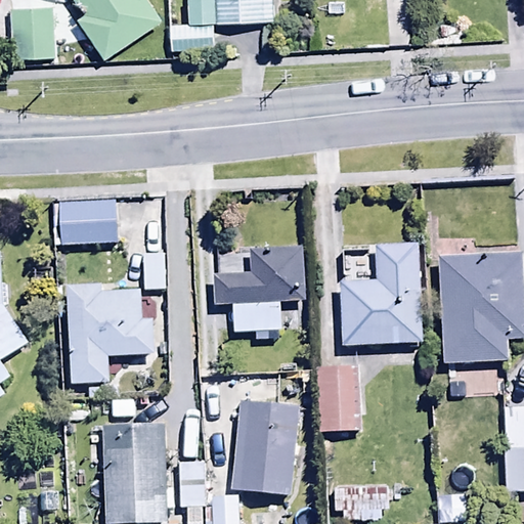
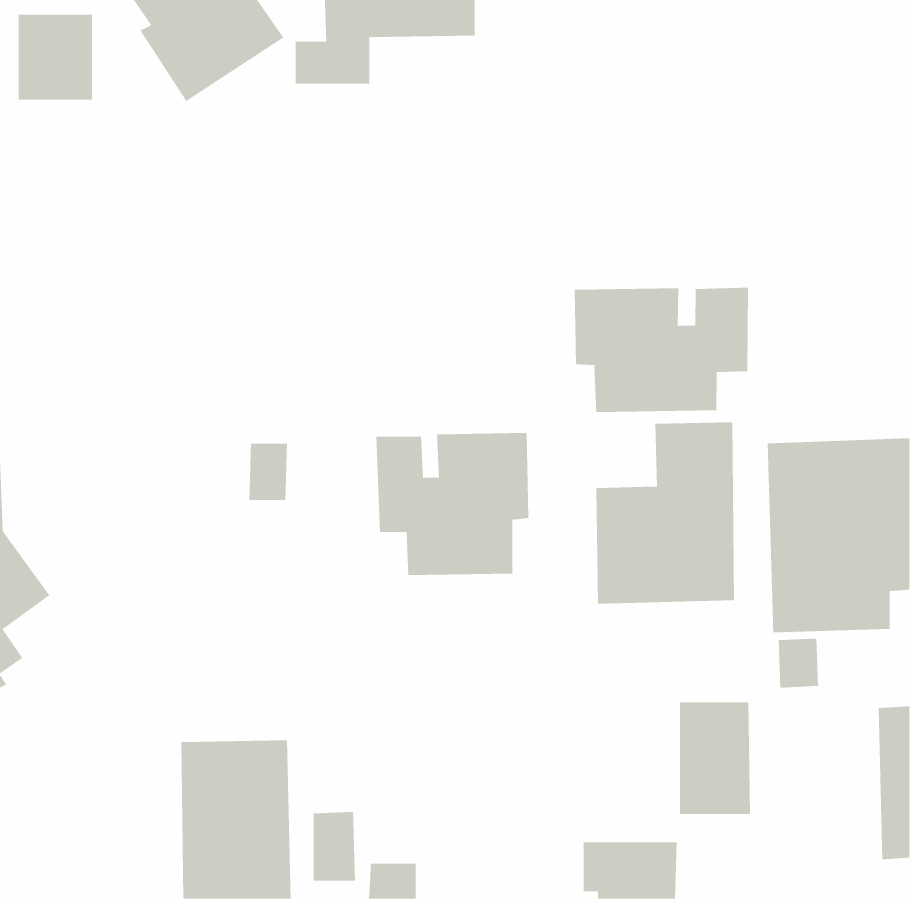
building: none -> [574,287,748,413]
building: [61,199,116,243] -> none
building: [68,281,152,383] -> none
building: [318,366,359,431] -> [679,702,751,815]
building: [230,401,297,494] -> none

